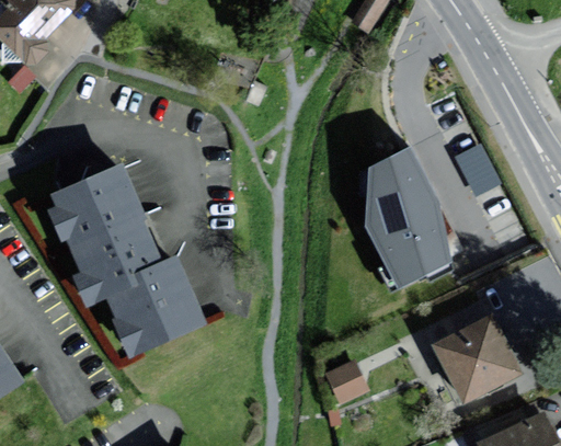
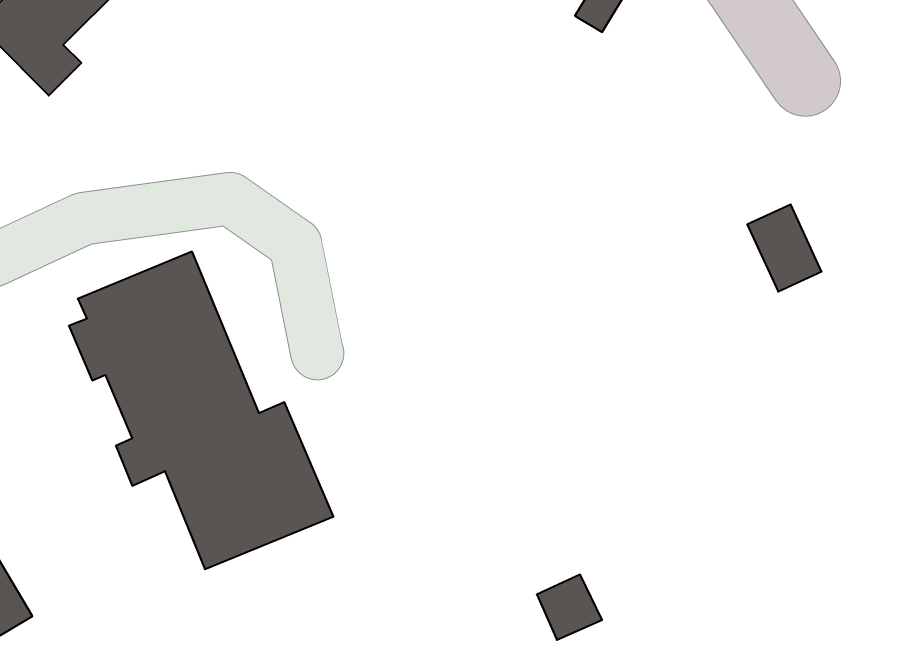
building: [367,145,453,287] -> none
building: [435,316,519,399] -> none

